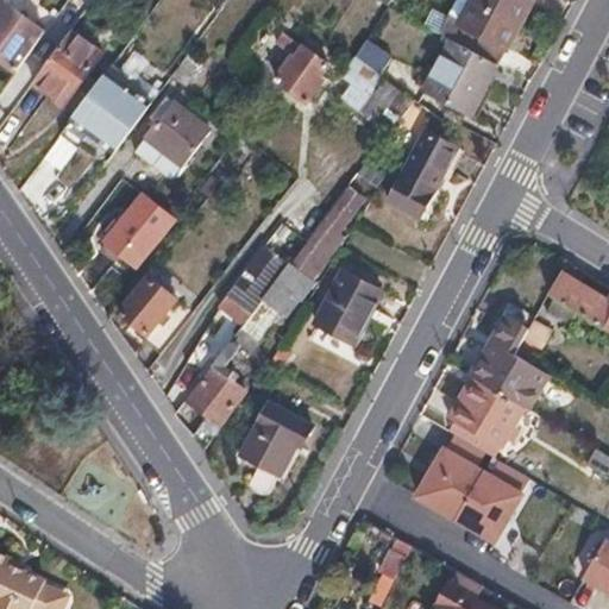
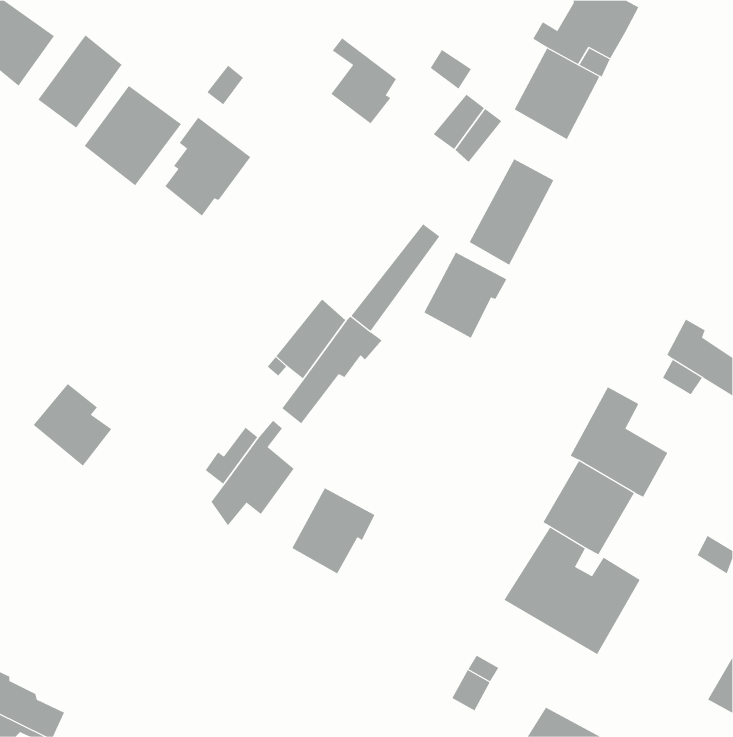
building: [105,194,175,268] -> none
building: [316,271,385,343] -> [424,252,507,338]
building: [121,278,187,347] -> [33,383,112,467]

